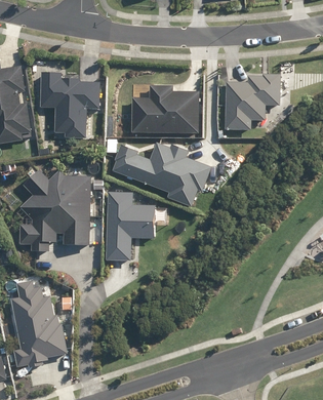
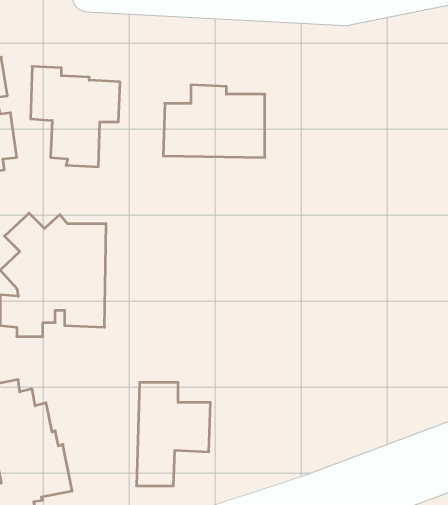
building: [227,75,279,127] -> none
building: [110,142,209,205] -> none
building: [104,191,153,259] -> [136,382,210,486]

